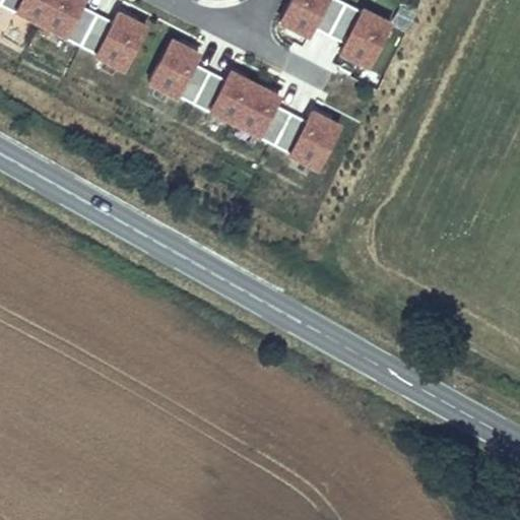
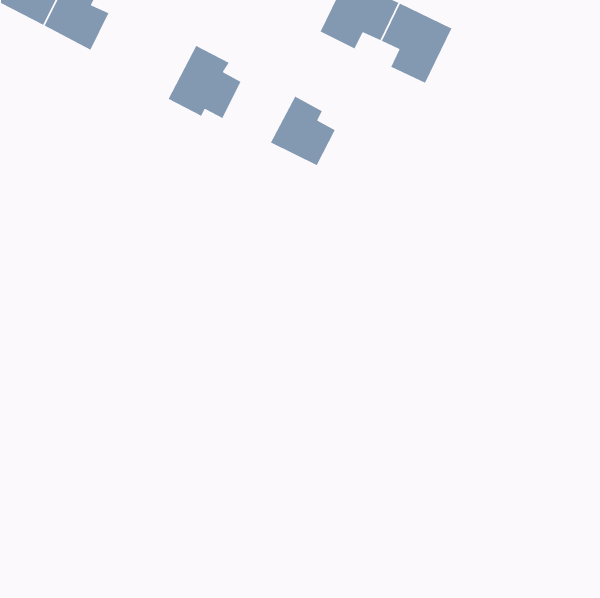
building: [80,9,147,72] -> none
building: [194,70,256,123] -> none
building: [275,110,342,172] -> none

